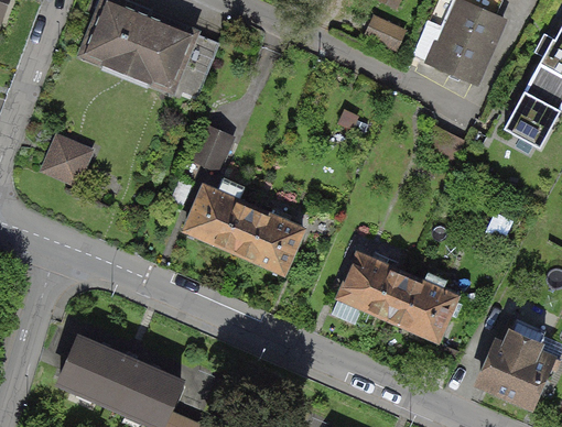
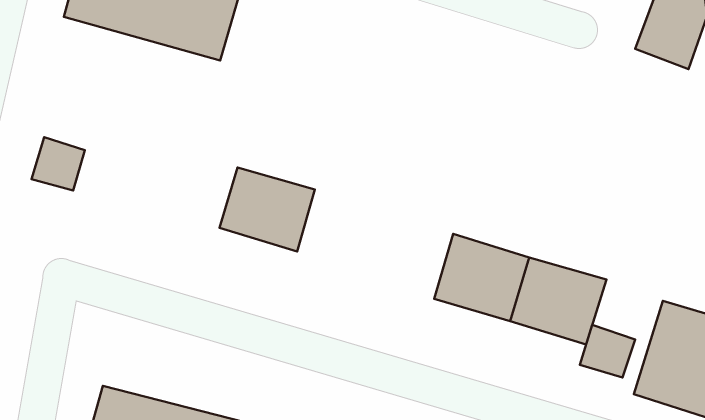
building: [184,123,233,177] -> none
building: [236,206,310,273] -> none
building: none -> [580,325,635,378]

